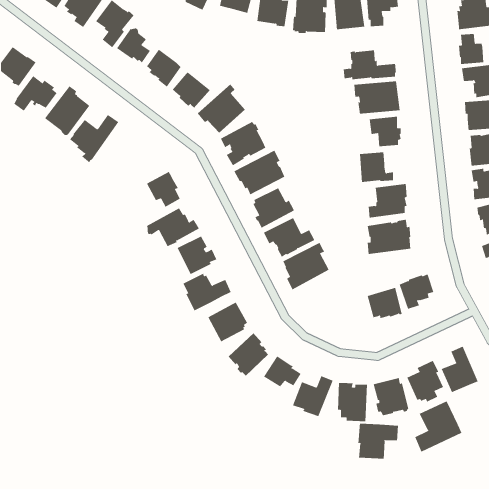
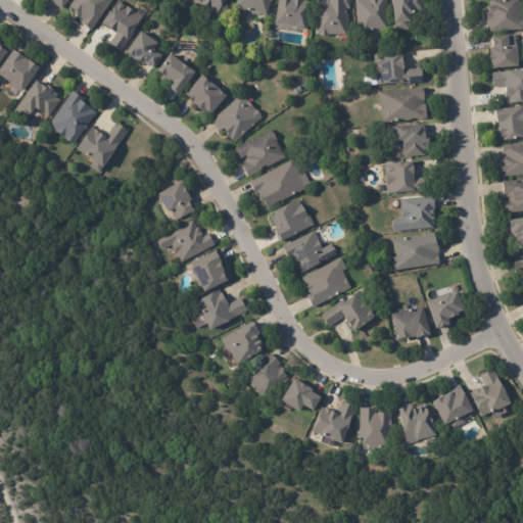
building: none -> [322,291,378,333]
building: [414,401,462,452] -> none
building: [358,423,399,459] -> none

